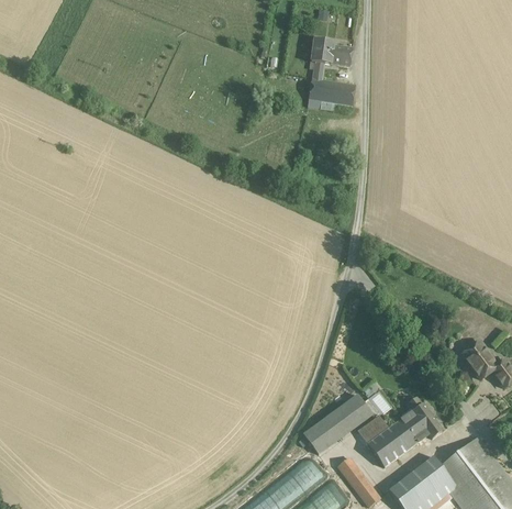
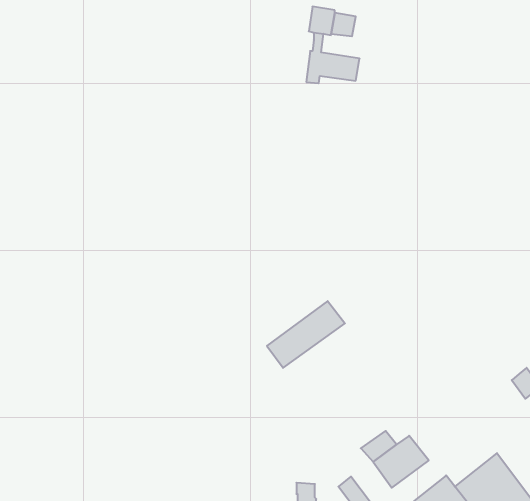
building: [460,341,497,379] -> none
building: [302,394,371,453] -> [267,301,345,368]
building: [399,397,441,442] -> none

